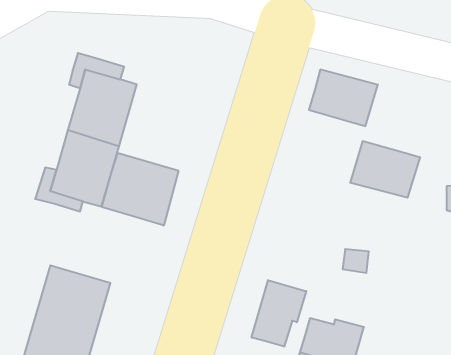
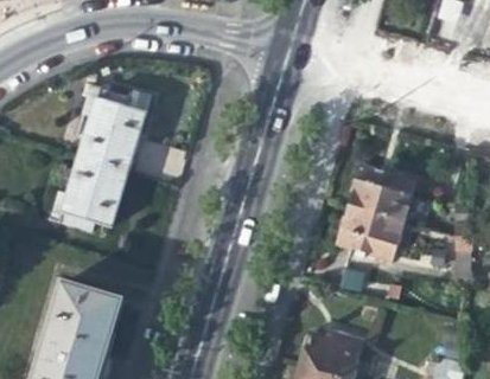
building: [309,70,378,126] -> [337,204,402,257]
building: [102,153,178,226] -> none
building: [252,280,306,347] -> none

